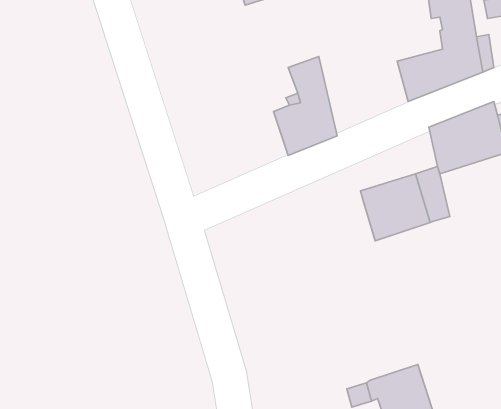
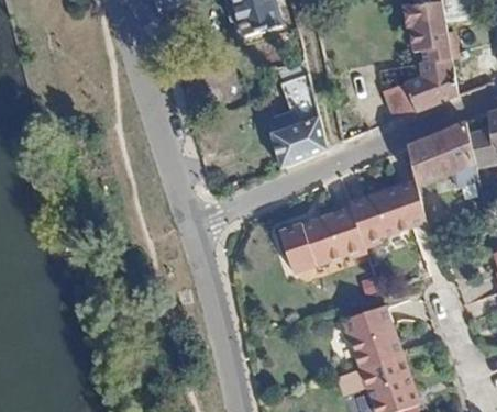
building: none -> [277,208,365,274]
building: none -> [338,308,400,370]

